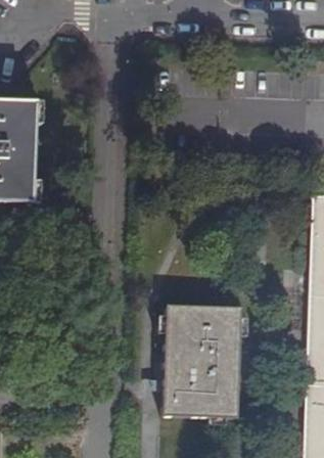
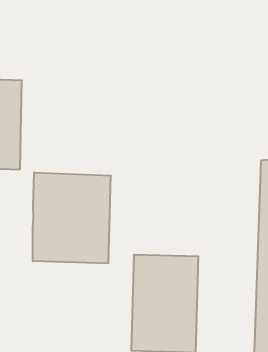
building: none -> [33,172,111,263]

